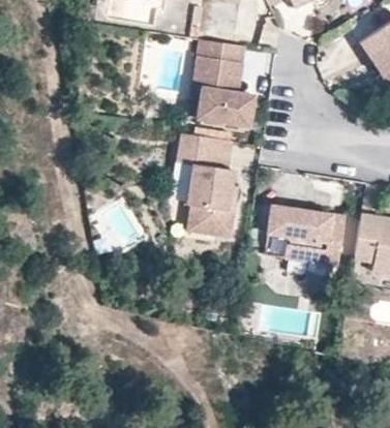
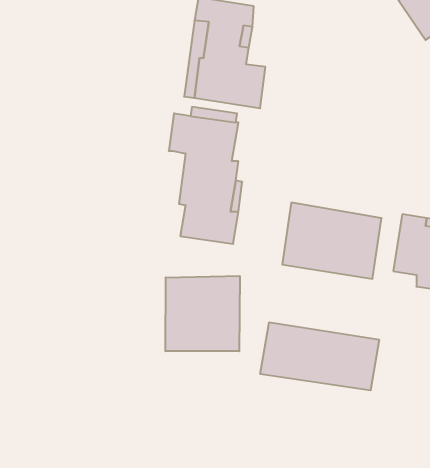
building: none -> [165,276,240,351]
building: none -> [260,322,379,390]

